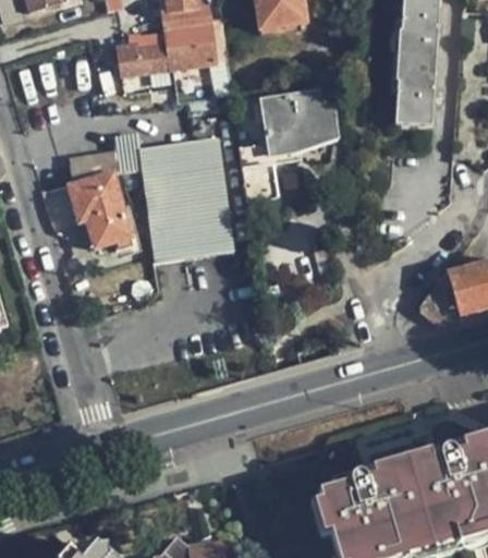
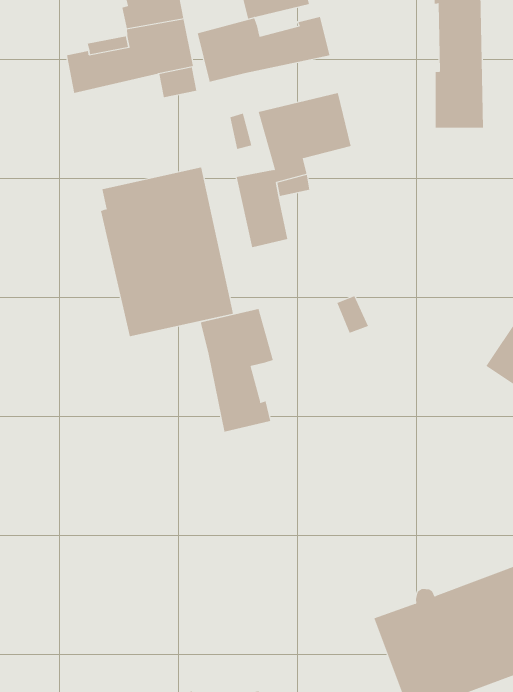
building: none -> [197,16,330,83]
building: [69,149,142,251] -> none
building: none -> [200,308,274,433]

